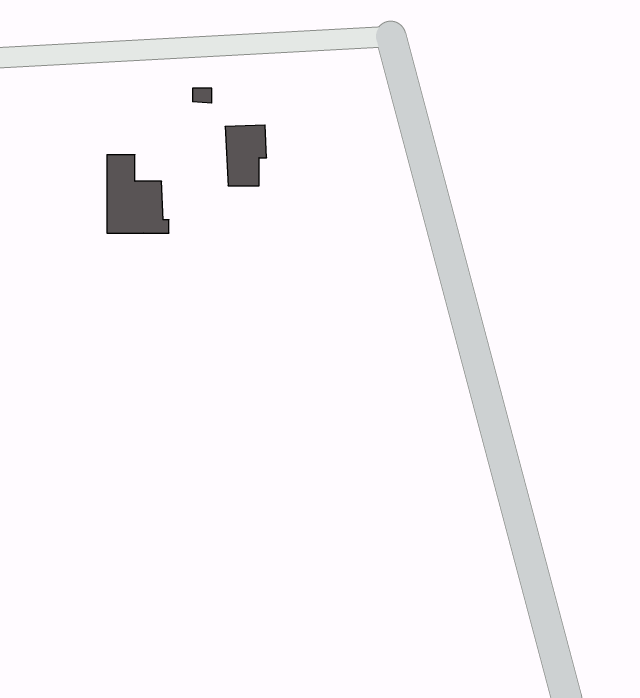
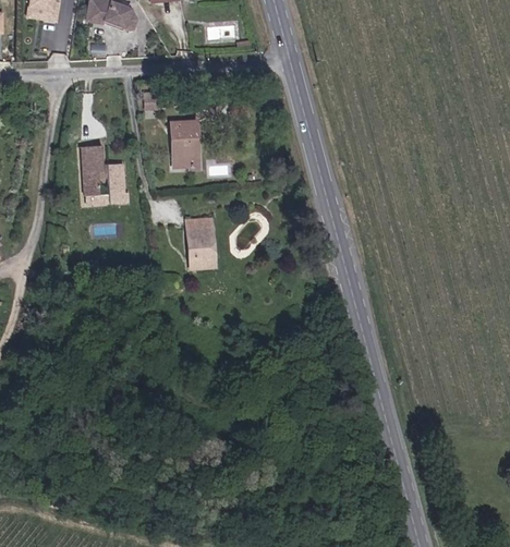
building: none -> [185,223,220,265]

